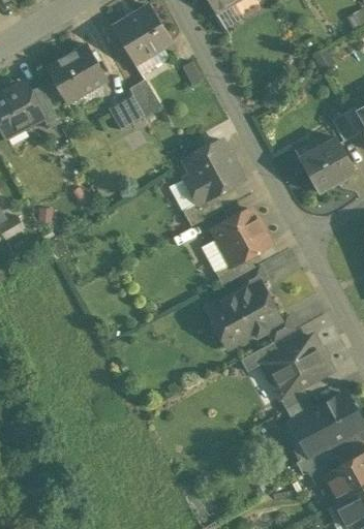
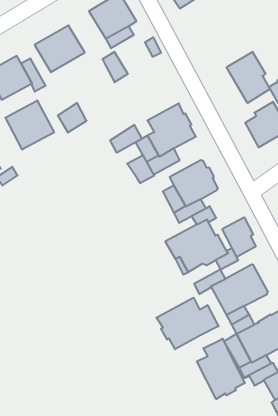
building: none -> [227,52,270,103]
building: [109,92,144,128] -> [58,103,87,133]
building: none -> [5,100,54,150]
building: none -> [110,125,142,153]
building: none -> [127,155,154,183]
building: none -> [222,217,256,257]
building: none -> [156,298,219,349]
building: none -> [197,339,245,399]

